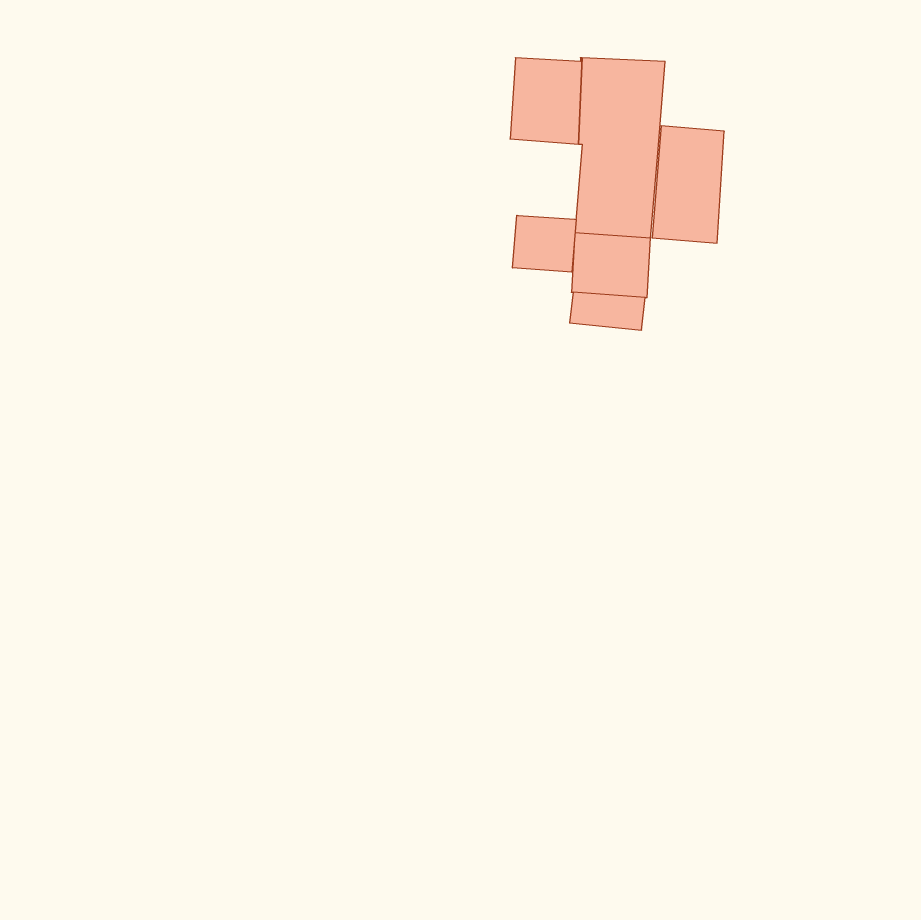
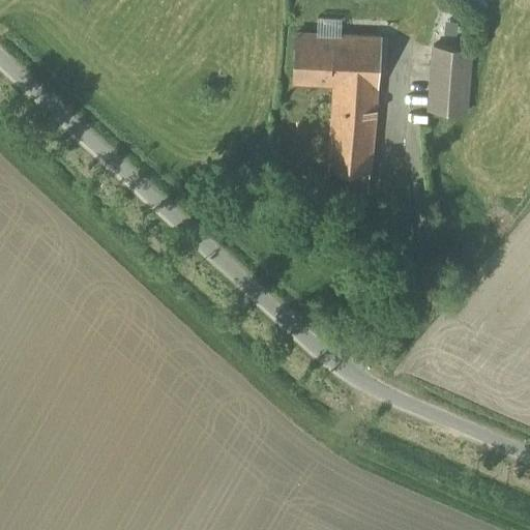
building: [652,126,724,243] -> [430,47,471,114]
building: [513,215,576,272] -> none

